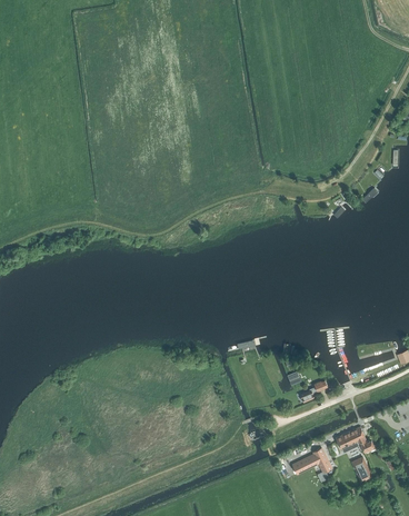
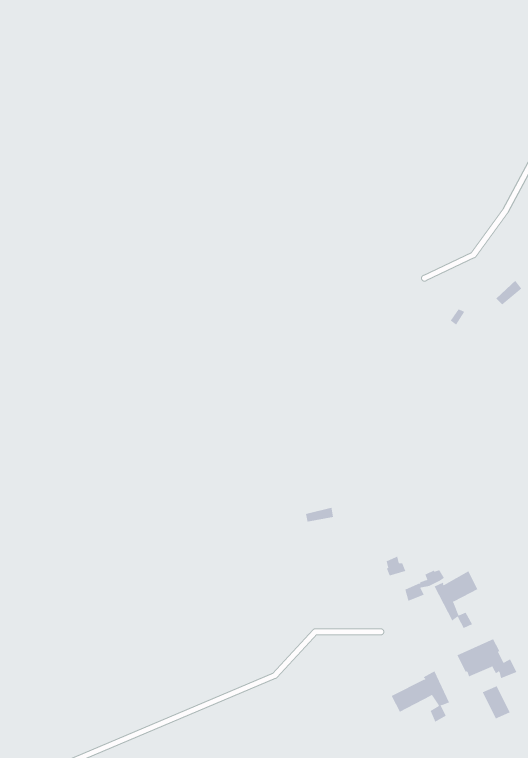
building: none -> [434,571,478,629]

